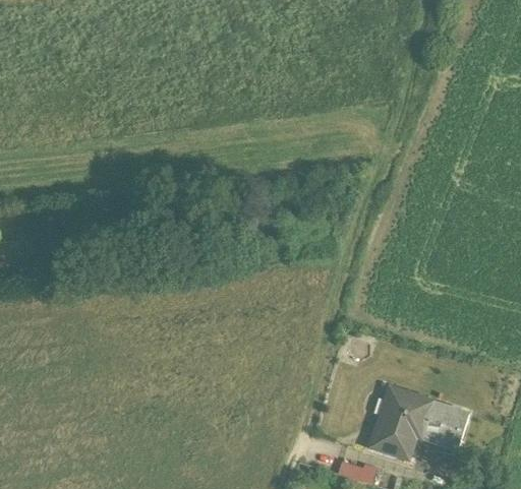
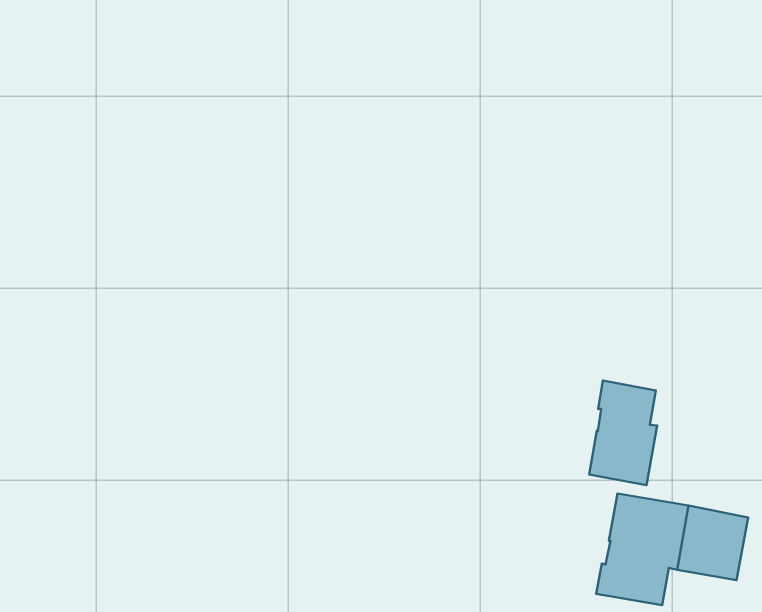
building: none -> [589,381,657,485]

